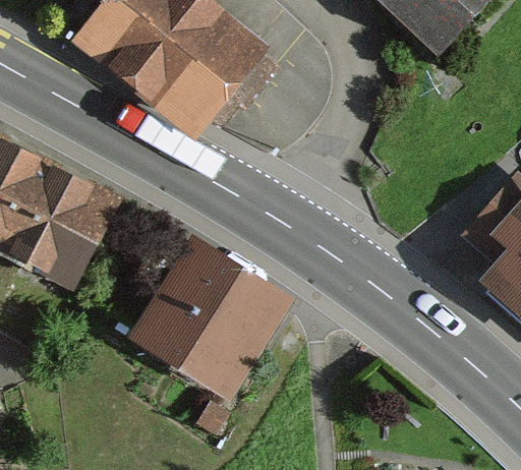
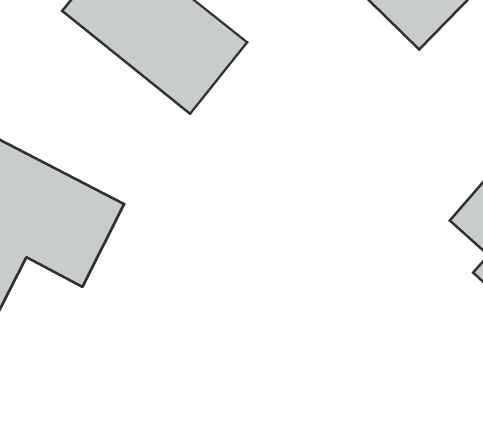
building: [115,236,284,404] -> none

